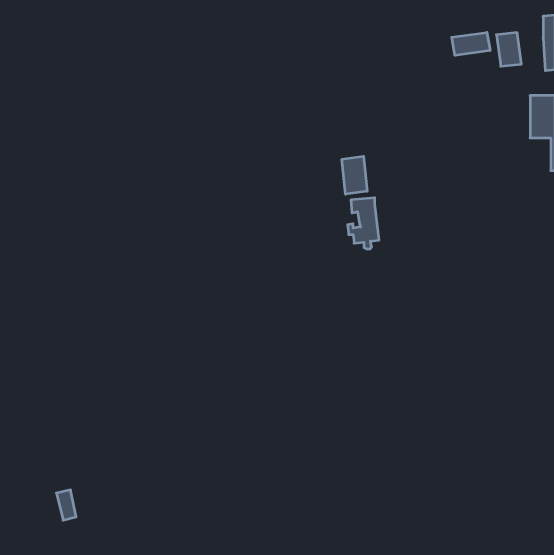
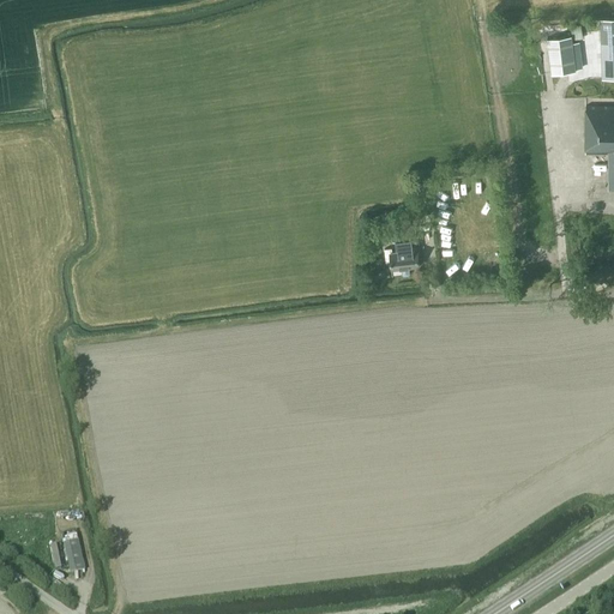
building: [452,32,490,55] -> none
building: [342,156,367,194] -> none

